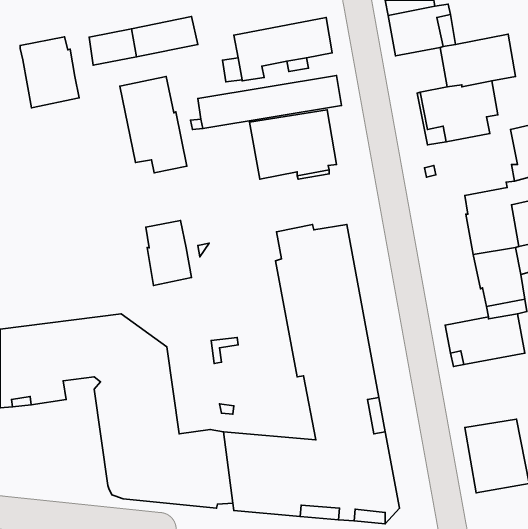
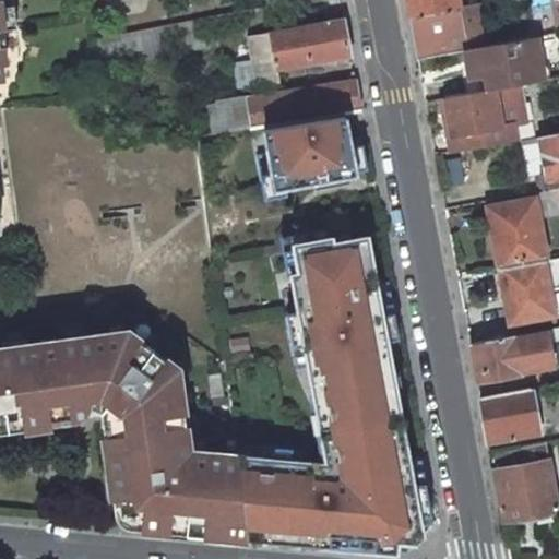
building: [20,37,79,108] -> none
building: [120,77,187,173] -> none
building: [146,221,191,285] -> none
building: none -> [481,389,539,442]

